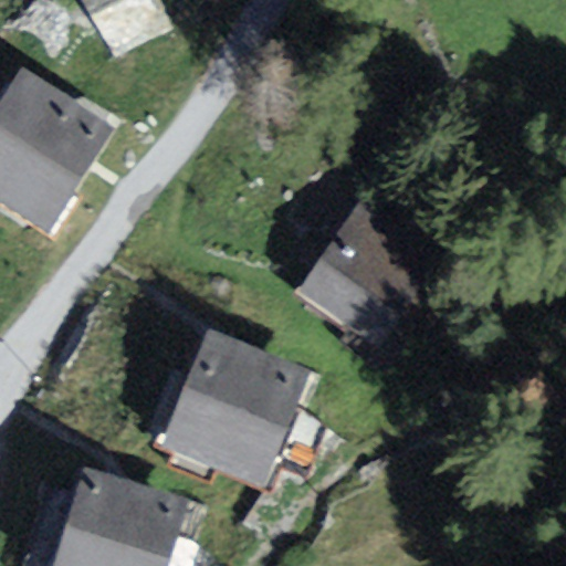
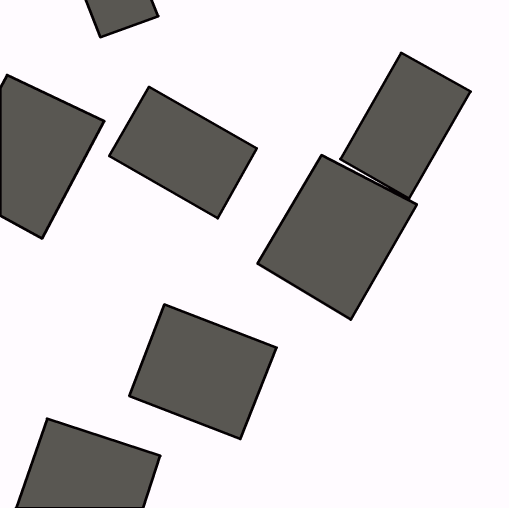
building: none -> [340,53,471,199]
building: none -> [109,87,257,218]

